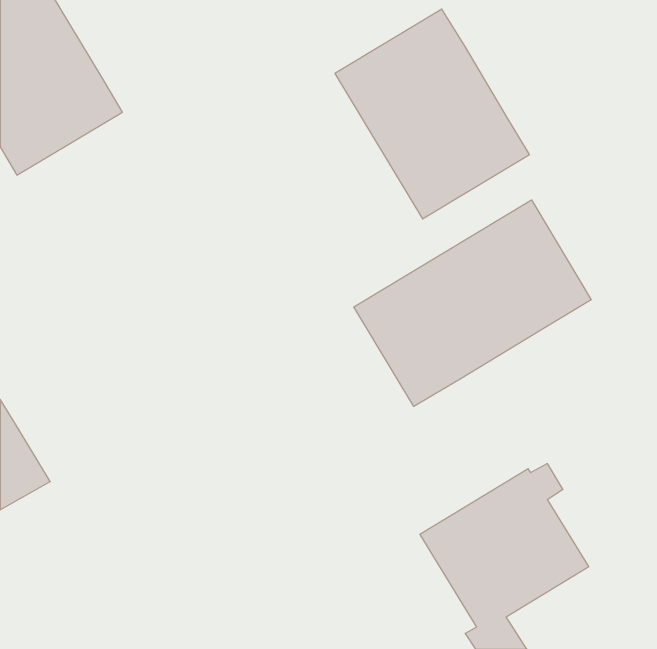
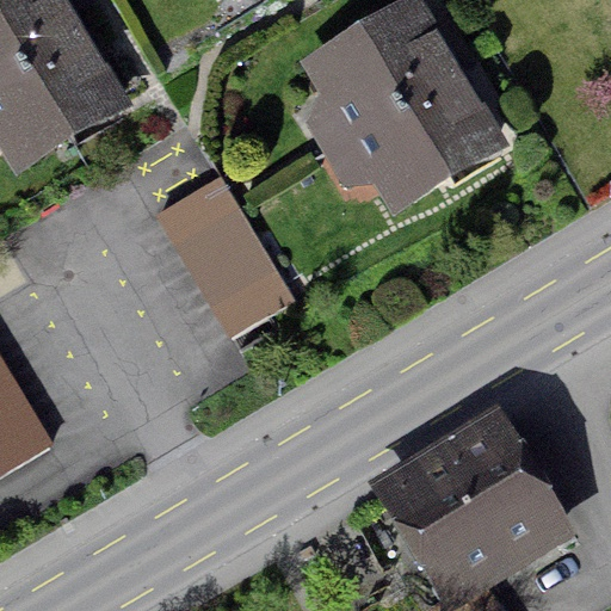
building: none -> [156,177,291,337]
building: [354,200,591,406] -> none

